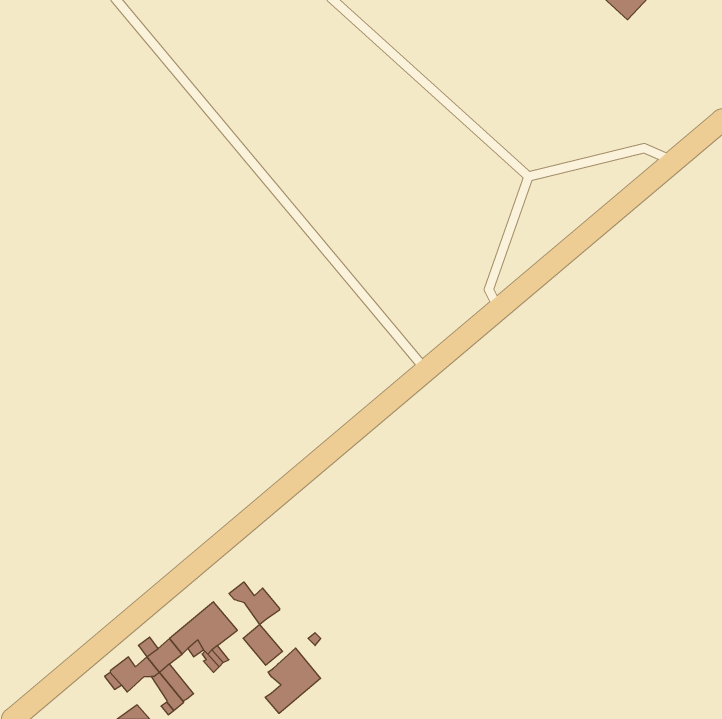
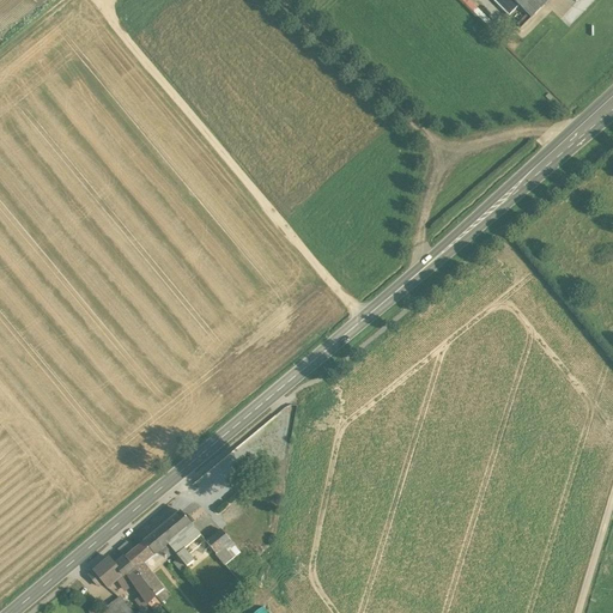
building: [229,582,280,624] -> none
building: [265,648,321,713] -> none

